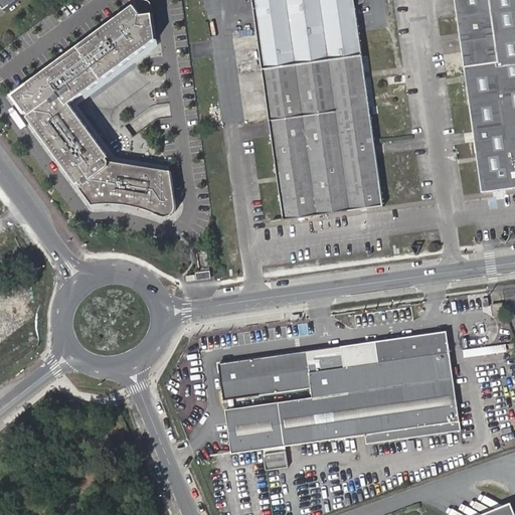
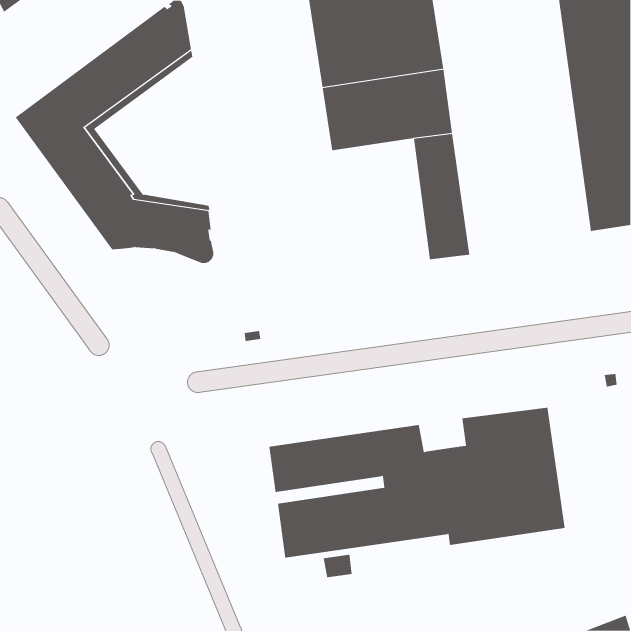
building: [270,113,349,220] -> none
building: [341,340,378,367] -> none

